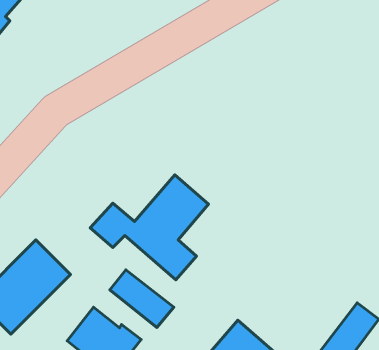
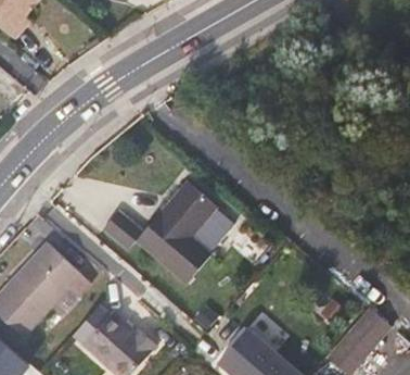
building: [110,270,174,327] -> none

